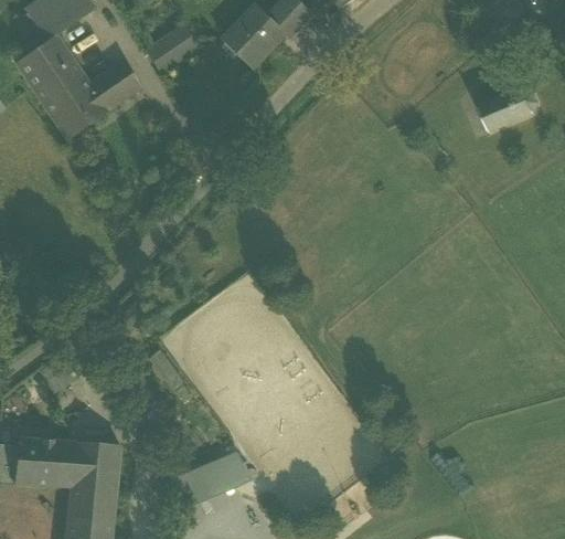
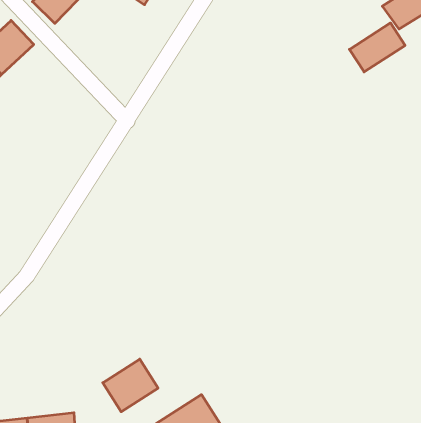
building: none -> [349,23,405,72]
building: none -> [103,359,158,412]

